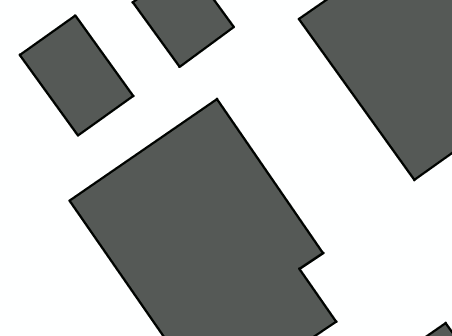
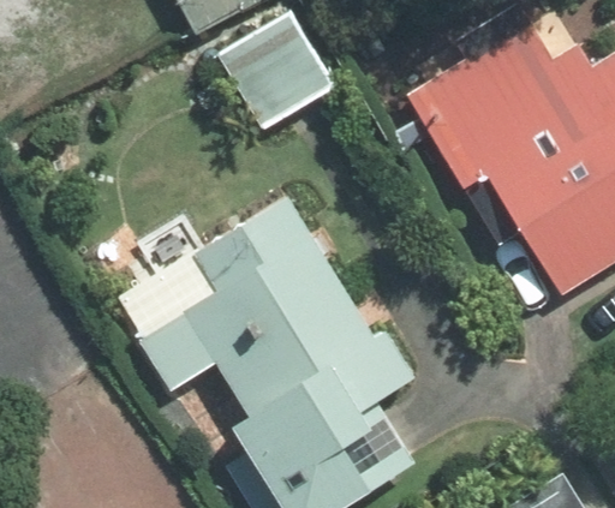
building: [20,16,133,135] -> none

